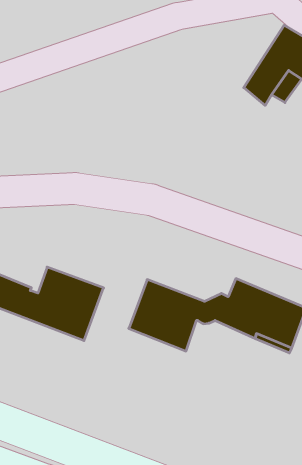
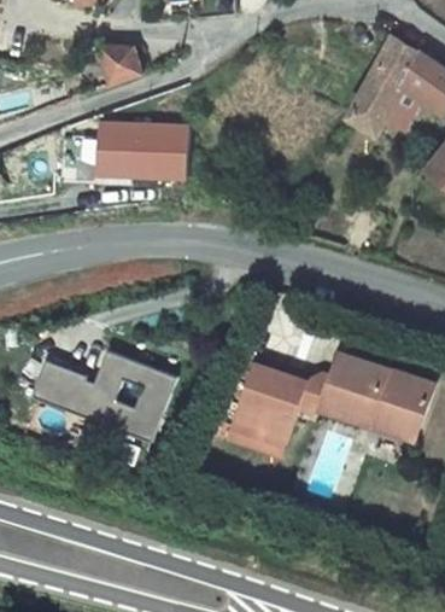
building: none -> [99,37,142,78]
building: none -> [95,126,186,181]

